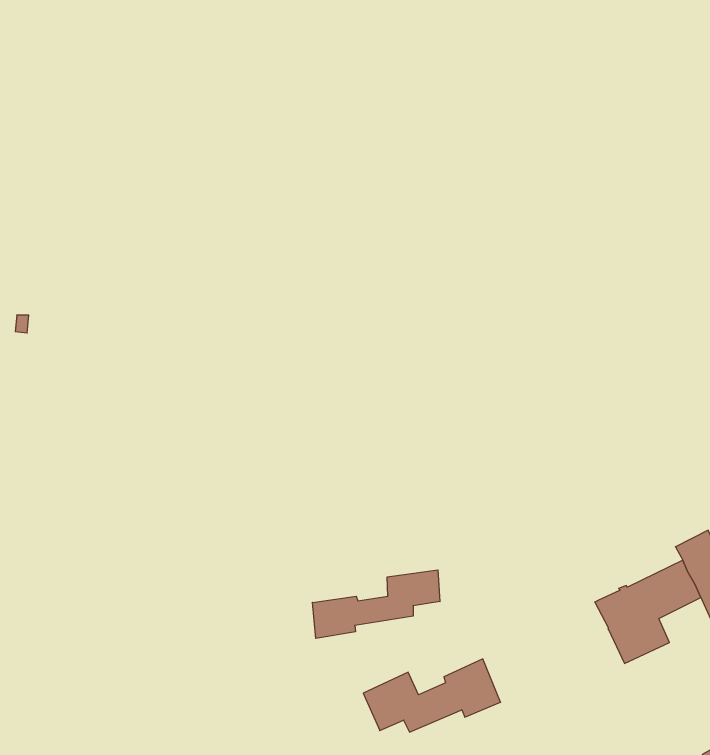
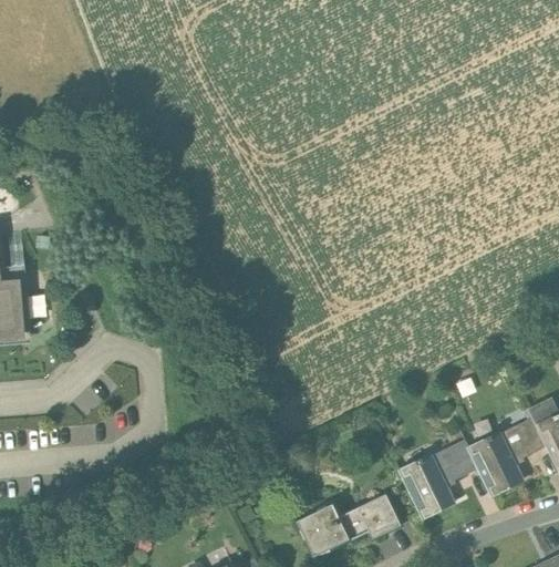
building: [312,570,440,638] -> none
building: none -> [400,440,478,518]

